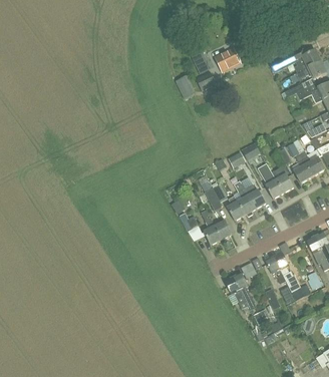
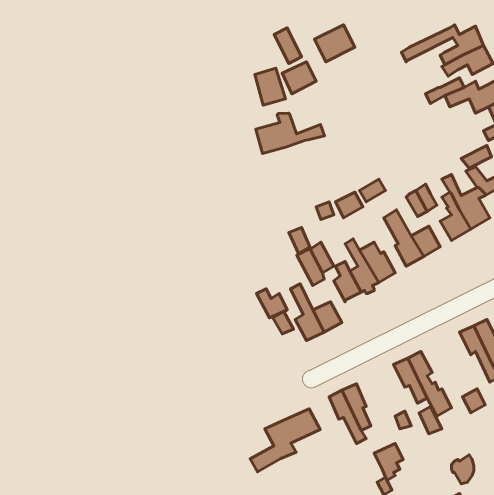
building: none -> [256,113,325,154]
building: none -> [250,409,320,472]

